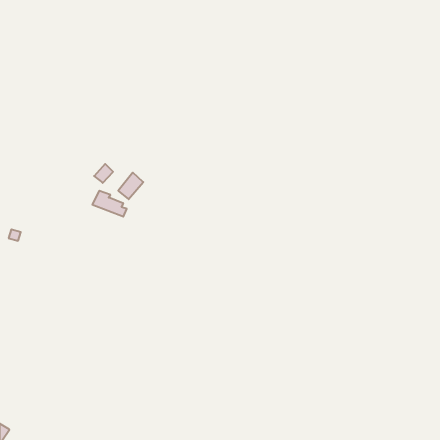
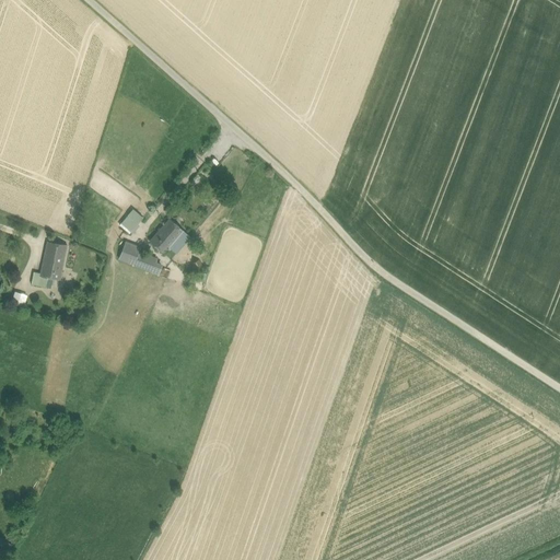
building: none -> [39,243,66,281]

